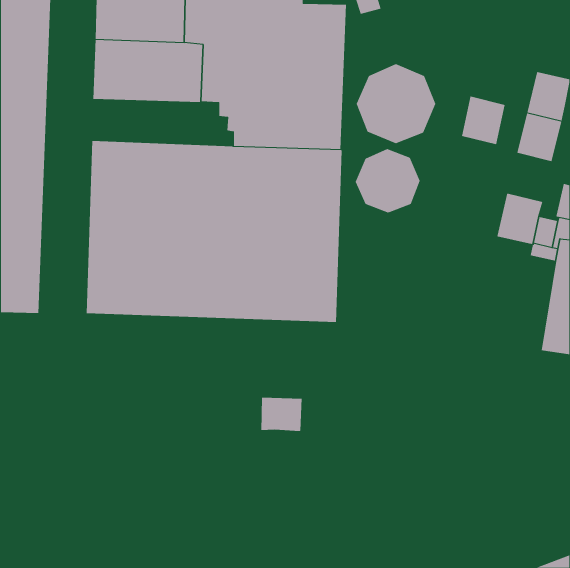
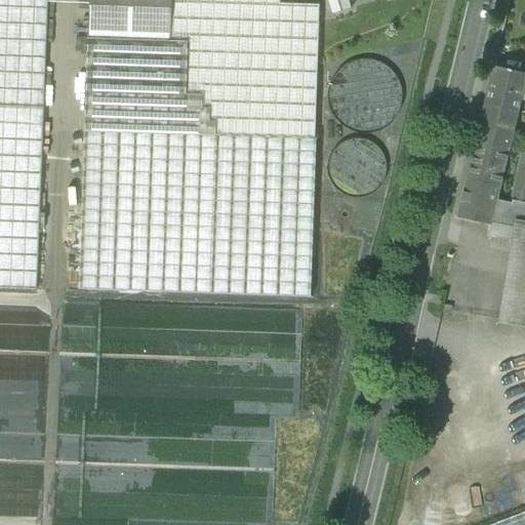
building: [461,96,506,145] -> [467,140,508,186]
building: none -> [84,91,214,134]
building: [261,397,302,432] -> none

